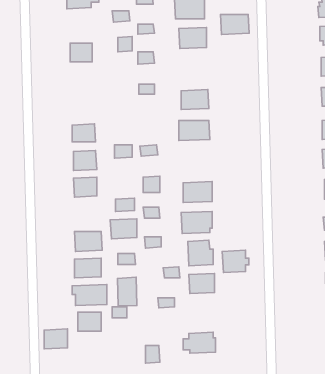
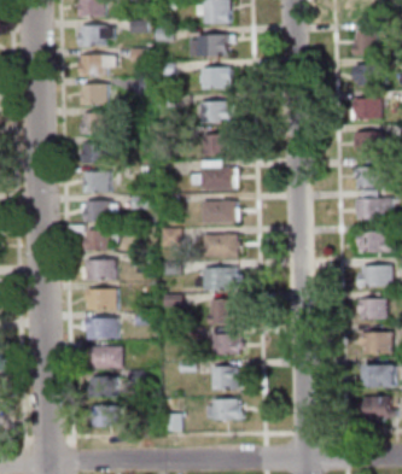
building: [220,14,249,34] -> [199,101,231,123]
building: none -> [80,54,106,75]
building: none -> [82,112,117,134]
building: none -> [83,141,109,164]
building: none -> [202,200,235,223]
building: [110,219,137,239] -> [86,259,115,281]
building: [222,250,249,272] -> [211,365,240,390]
building: [117,277,137,306] -> none
building: [44,329,68,349] -> [91,405,116,427]

